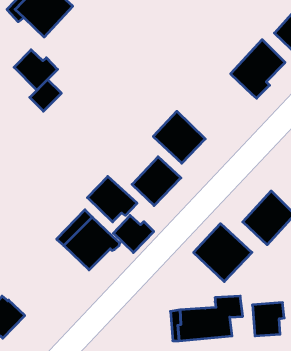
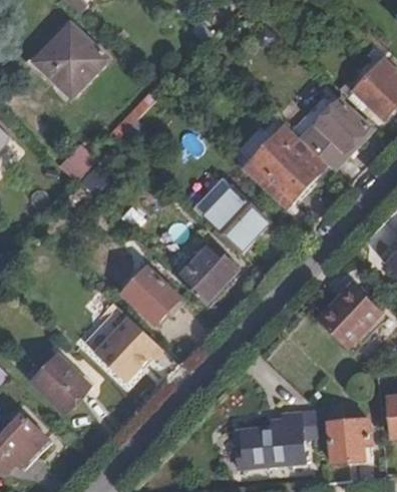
building: [14,50,58,90] -> none
building: none -> [244,124,327,207]
building: [113,215,154,253] -> none
building: [194,224,252,282] -> none
building: none -> [32,355,90,412]

